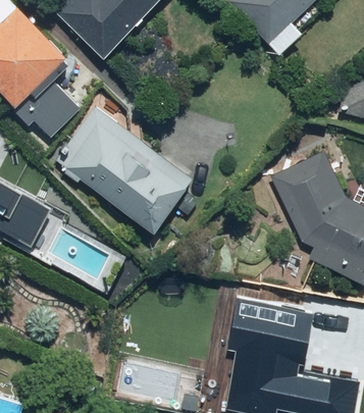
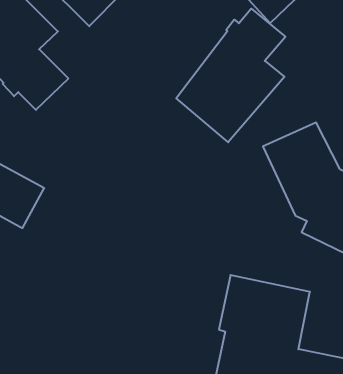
building: none -> [176,9,285,142]
building: [56,106,193,231] -> none

